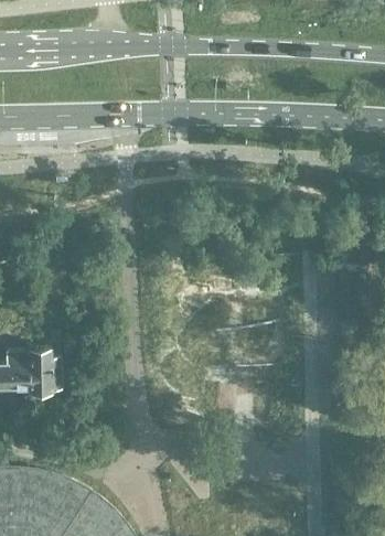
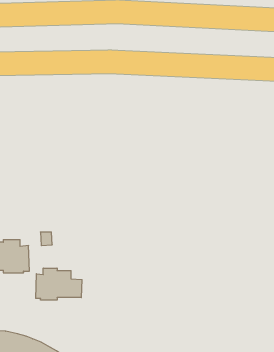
building: none -> [36,268,82,300]

